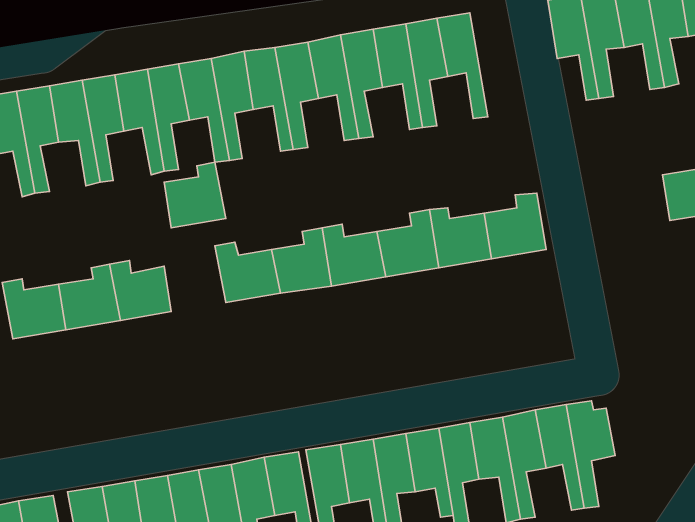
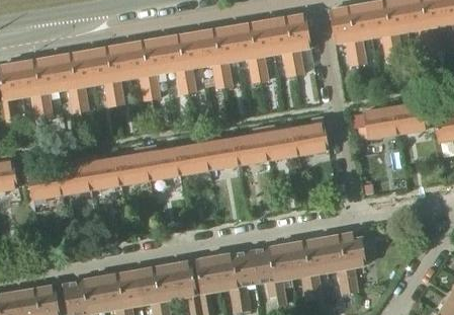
building: none -> [285,14,310,75]
building: [164,162,226,228] -> [115,147,150,183]
building: none -> [358,107,396,139]

